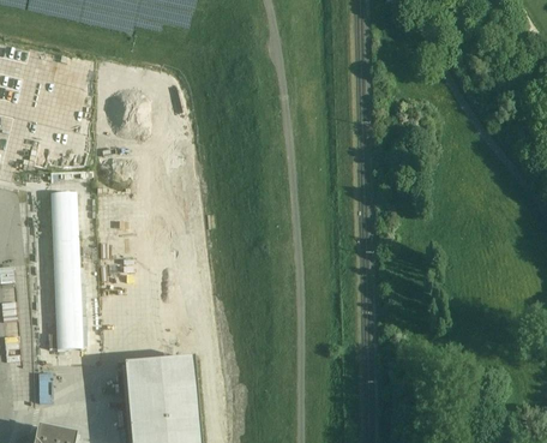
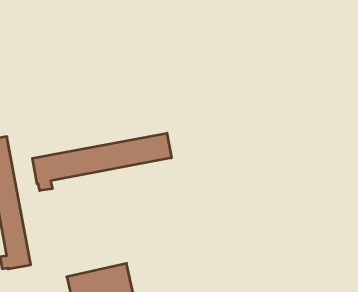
building: none -> [32,133,171,191]

